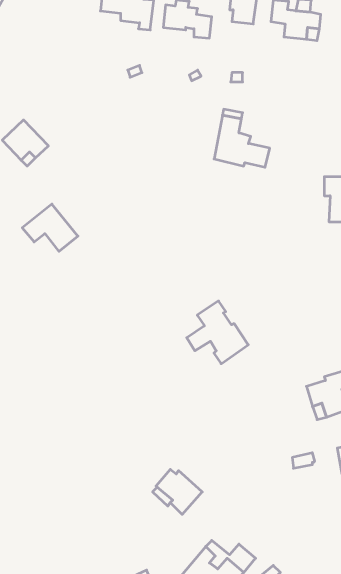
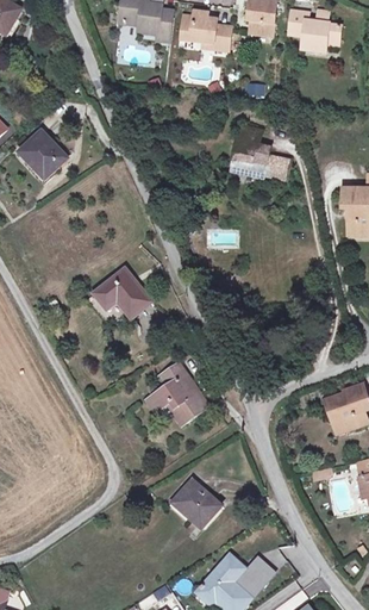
building: [22,204,78,251] -> [94,269,150,317]
building: [187,301,248,364] -> [146,362,208,425]

